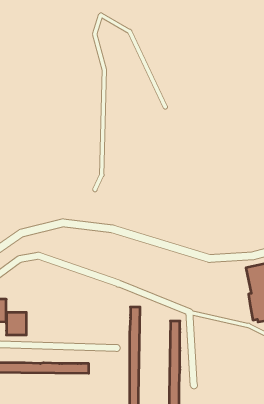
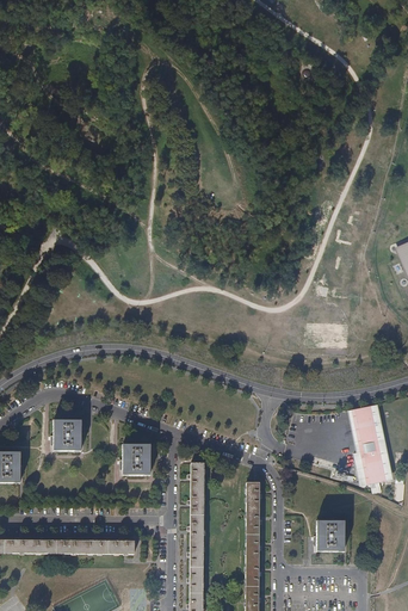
building: none -> [122,444,150,475]
building: [6,312,26,335] -> [54,420,81,451]
building: none -> [315,520,344,551]

